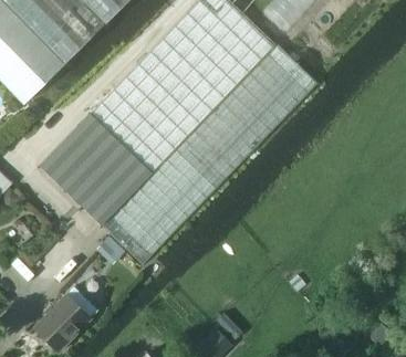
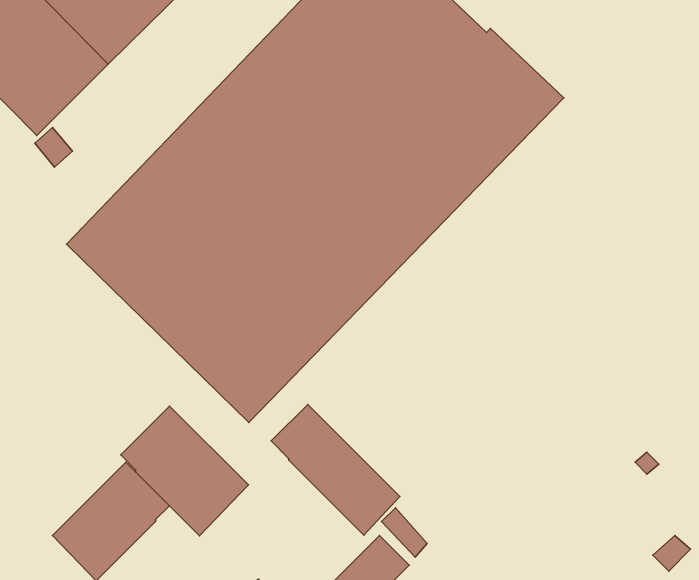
building: none -> [271,404,400,535]
building: none -> [121,406,248,536]

